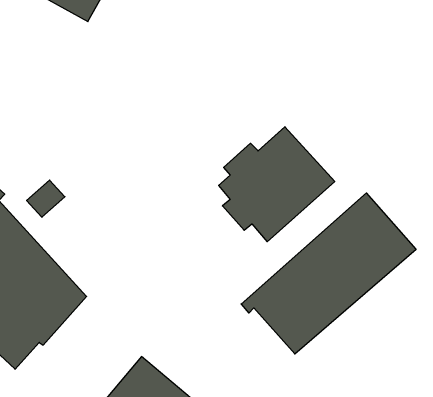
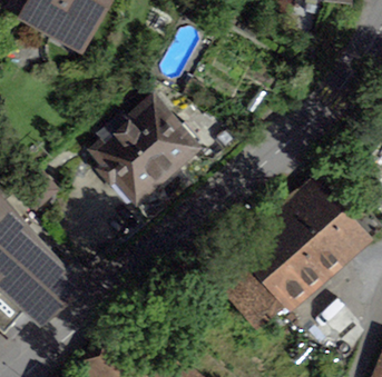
building: [219,127,335,242] -> [97,101,198,201]

